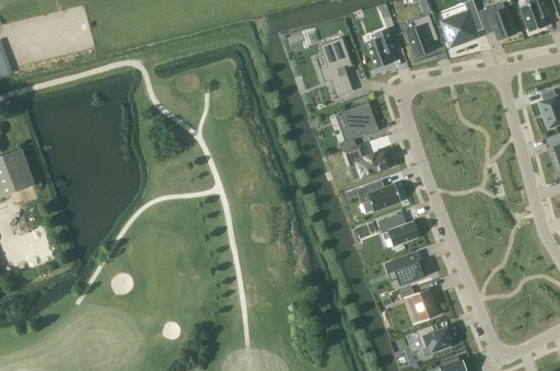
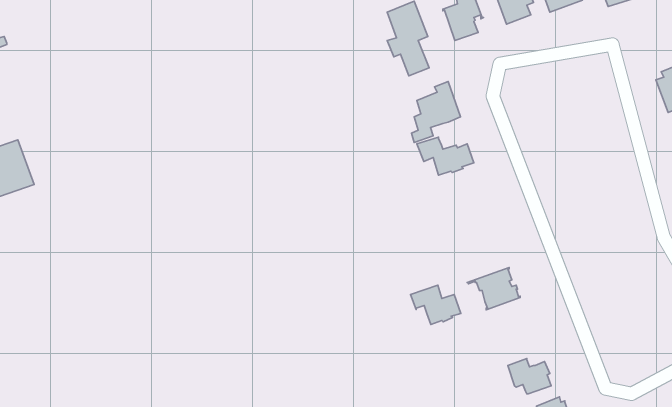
building: [357,179,401,210] -> none
building: [377,213,418,245] -> [411,285,461,324]
building: [406,287,441,322] -> none

